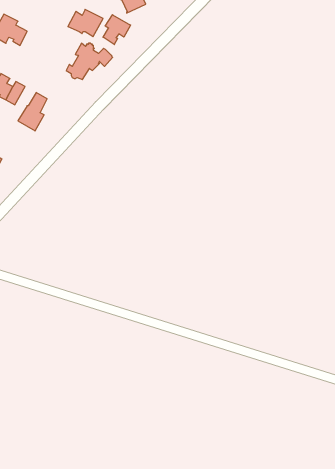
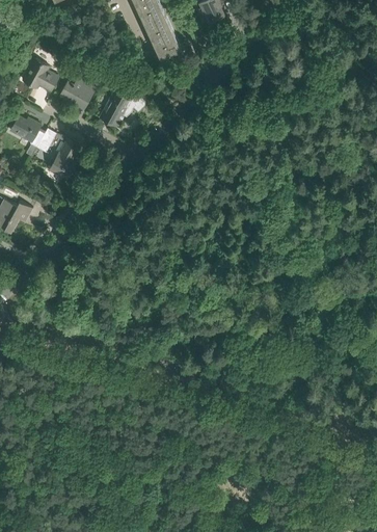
building: [68,9,103,37] -> [58,79,95,107]
building: [103,15,131,45] -> none

